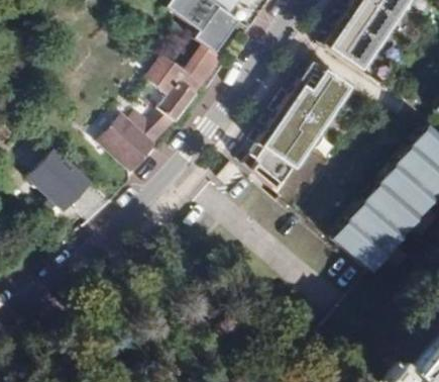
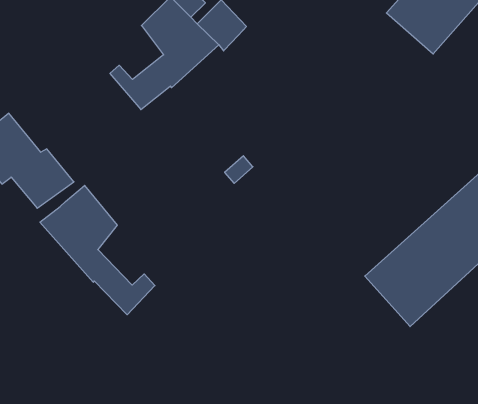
building: [245,61,351,192] -> none
building: [98,114,154,168] -> none
building: none -> [40,185,155,315]

